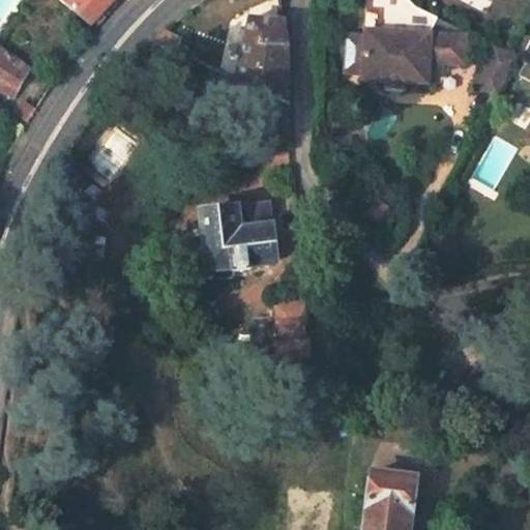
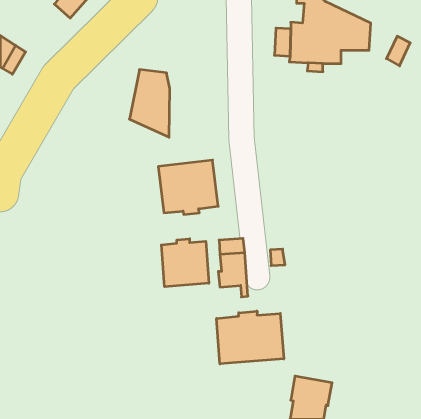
building: [237,18,288,102] -> [129,70,170,137]
building: none -> [161,239,209,287]
building: none -> [217,311,284,364]

